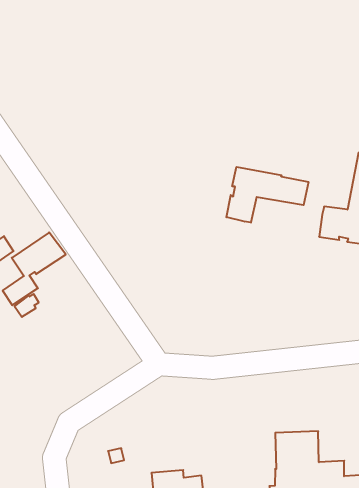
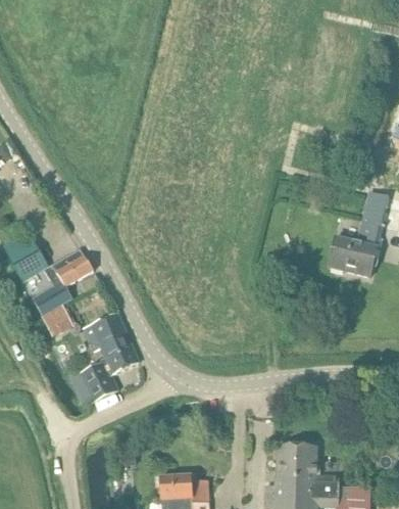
building: [226,167,308,223] -> none
building: none -> [82,313,139,400]

